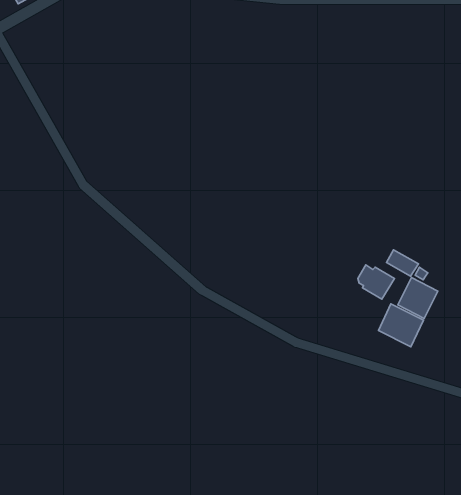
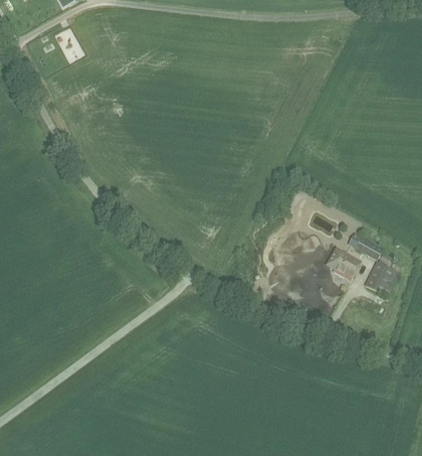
building: [378,304,423,347] -> none

